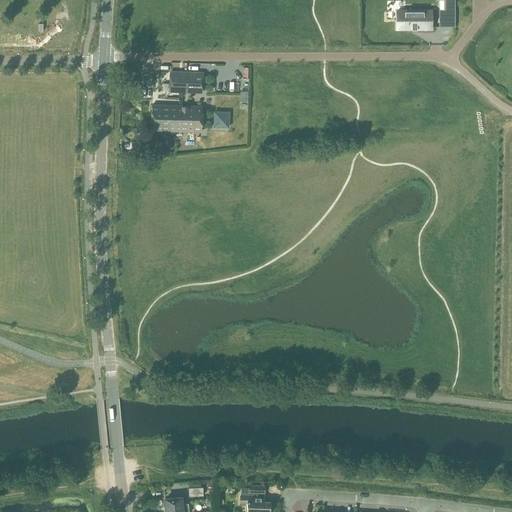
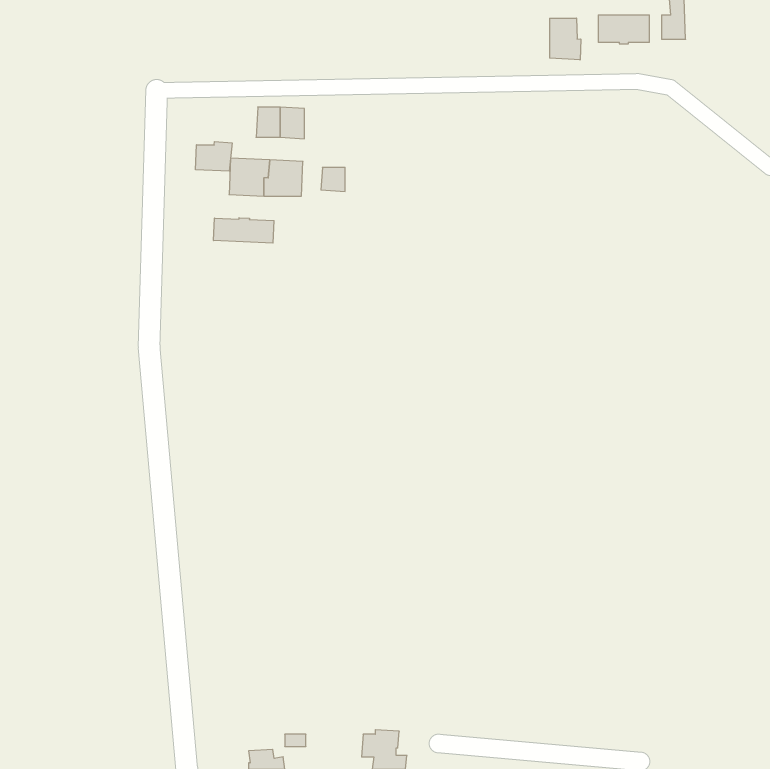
building: none -> [550,18,581,60]
building: none -> [196,142,232,171]
building: none -> [214,218,274,243]

